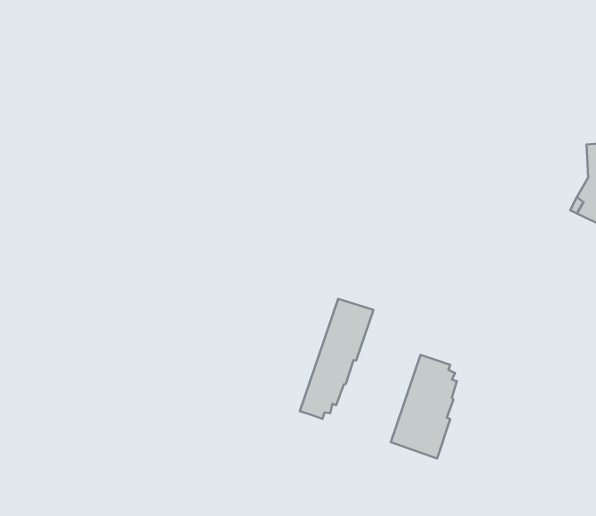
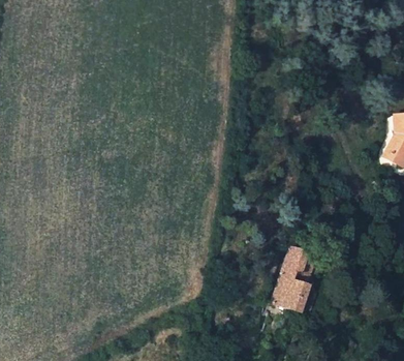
building: [300,299,374,419] -> none

